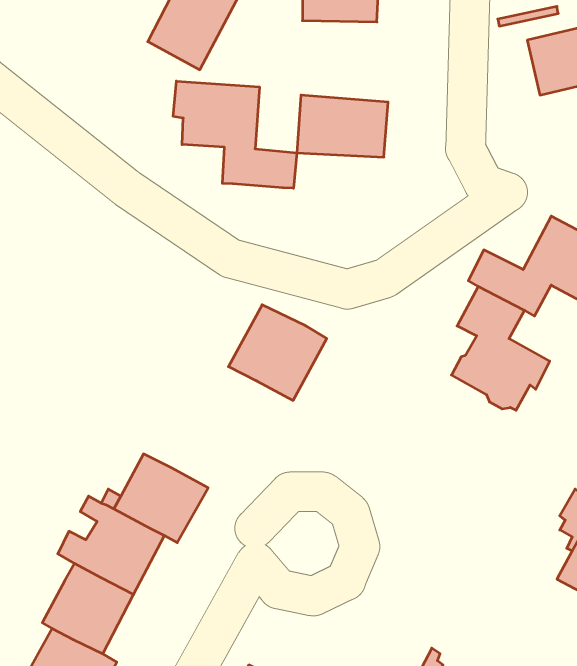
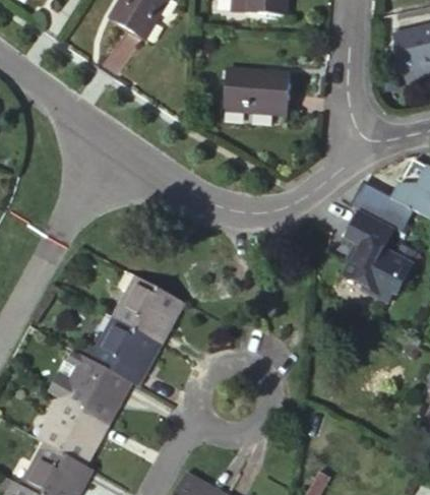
building: [173,81,297,188] -> none
building: [228,305,327,400] -> [114,284,185,353]

